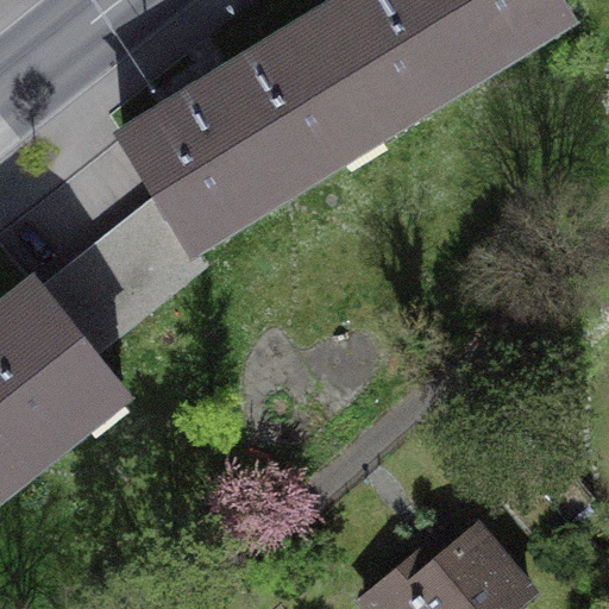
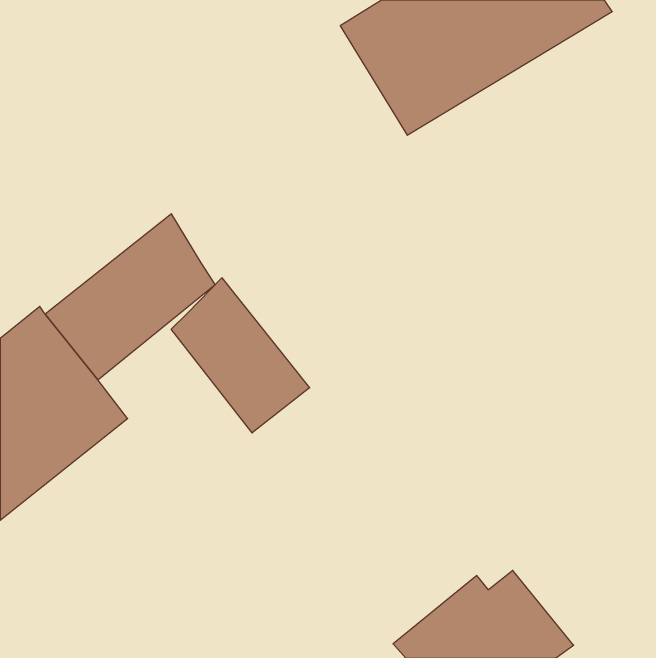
building: [127,24,378,243] -> none
building: none -> [171,278,310,433]

